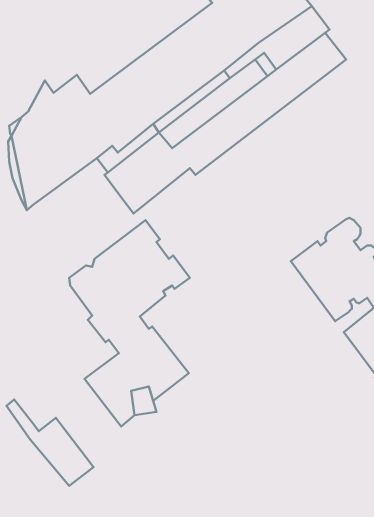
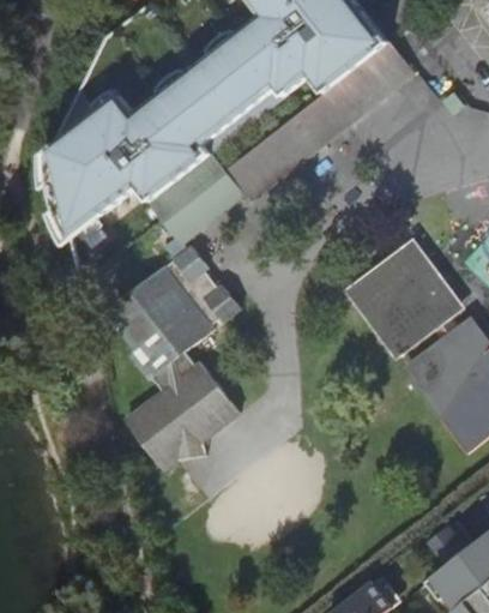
building: [6,400,94,486] -> none

